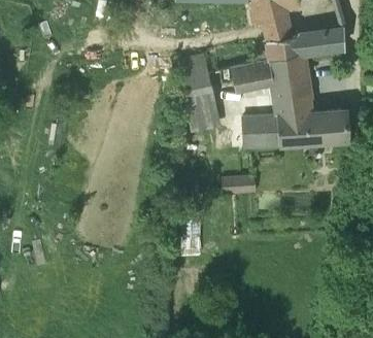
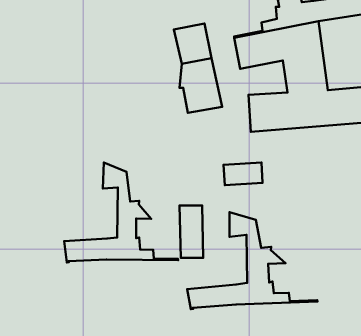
building: none -> [64,163,178,263]
building: none -> [187,212,318,309]

